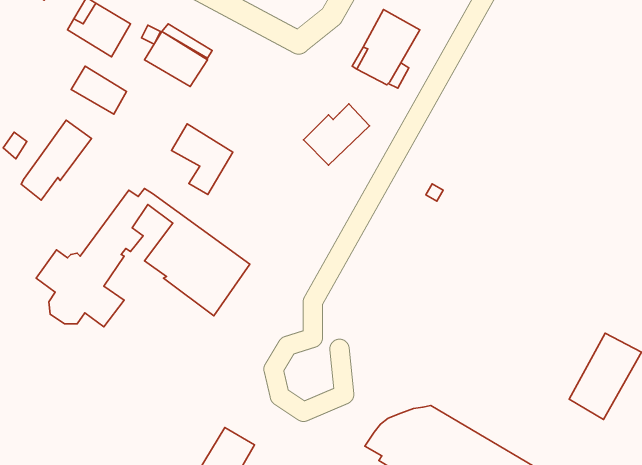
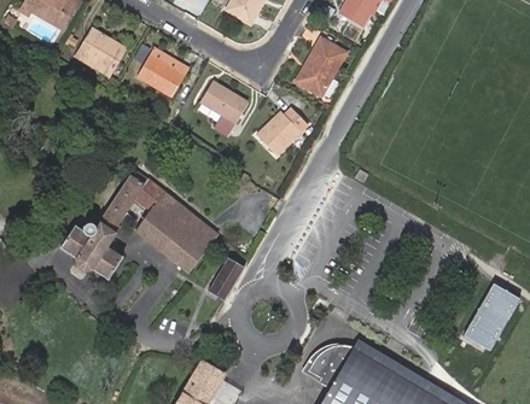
building: [71,66,126,114] -> none
building: [21,120,92,200] -> none
building: [172,124,233,194] -> [202,81,249,135]
building: none -> [212,254,247,297]

